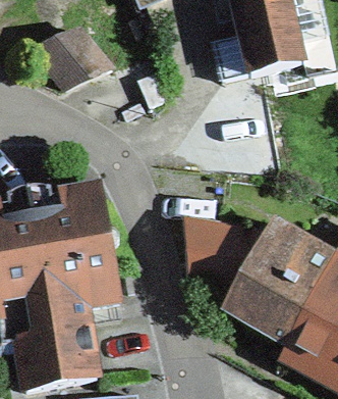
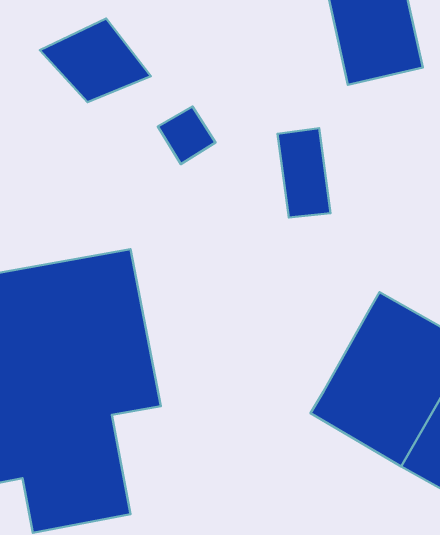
building: [186,222,267,293] -> none

